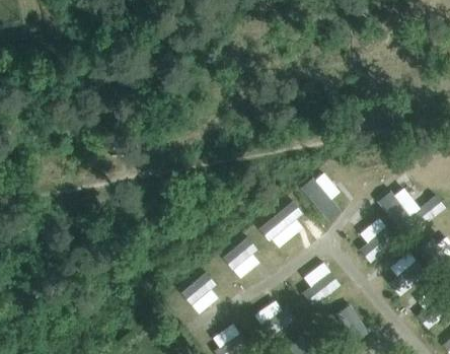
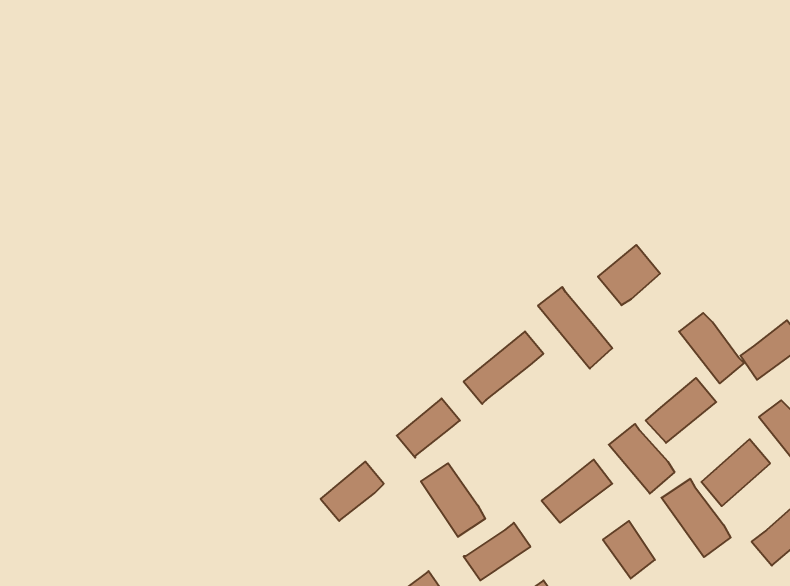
building: none -> [598,245,660,305]
building: none -> [609,424,674,494]
building: none -> [421,463,485,537]
building: none -> [661,479,731,557]

